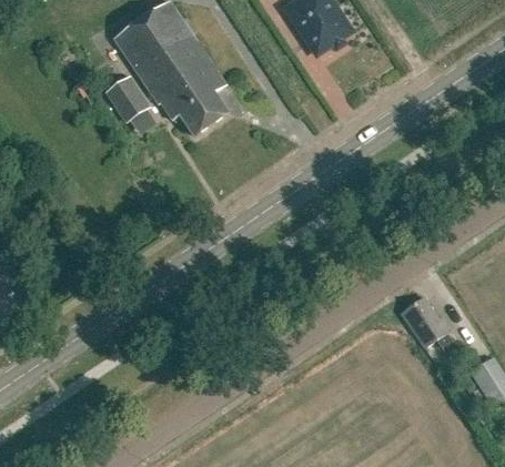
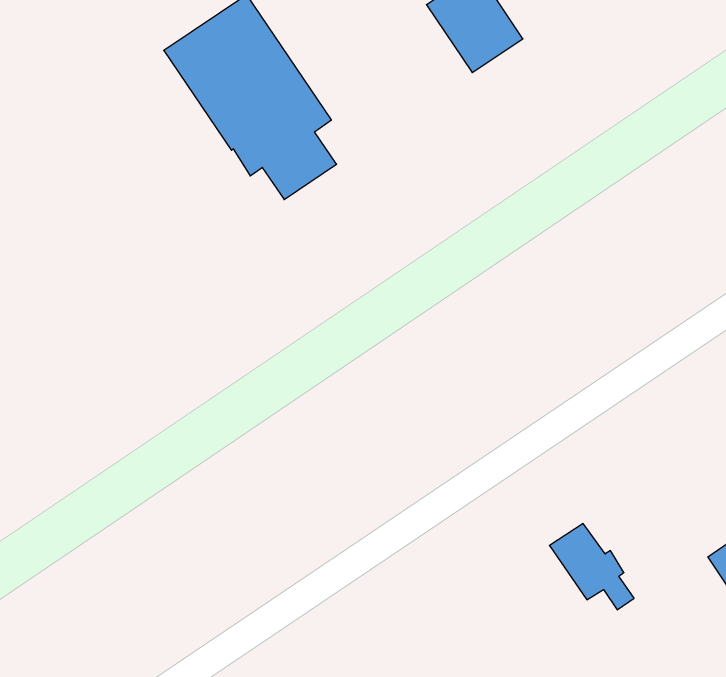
building: [107,77,149,121] -> none
building: [401,297,456,354] -> [549,524,634,610]

